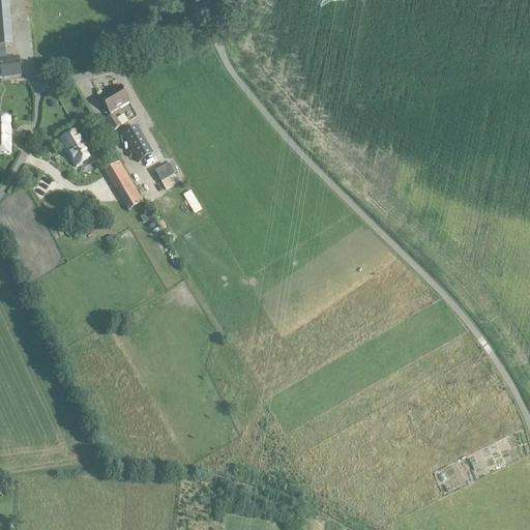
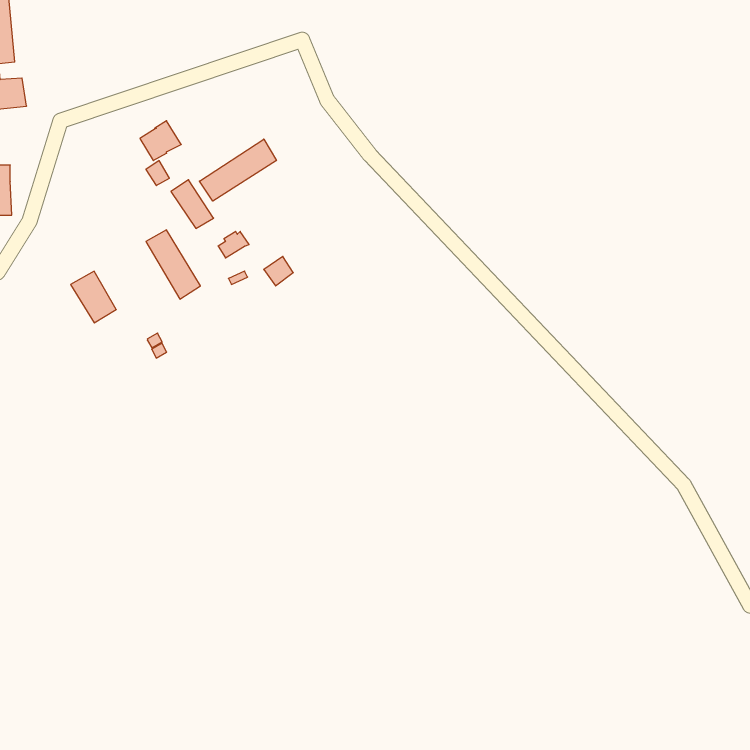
building: none -> [199,139,276,201]
building: [57,129,89,166] -> [71,271,116,323]

